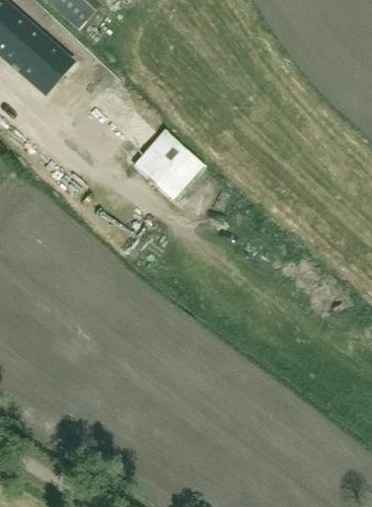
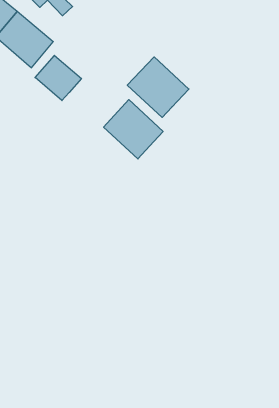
building: none -> [35,55,81,101]
building: none -> [127,57,189,117]

